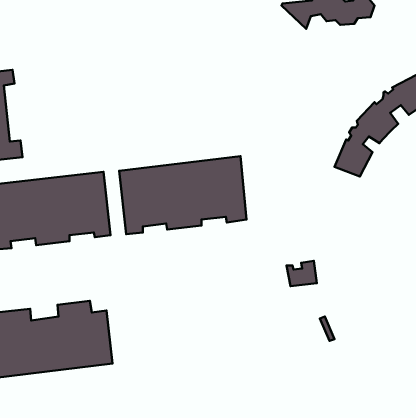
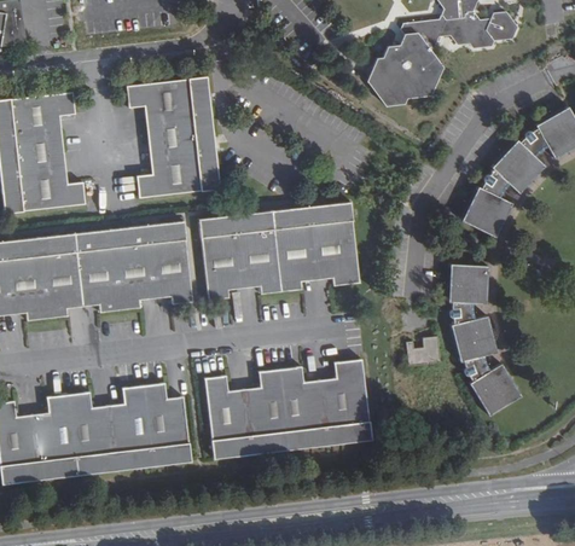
building: none -> [367,18,441,98]
building: none -> [127,81,215,198]
building: none -> [452,263,525,411]
building: none -> [207,360,372,458]

